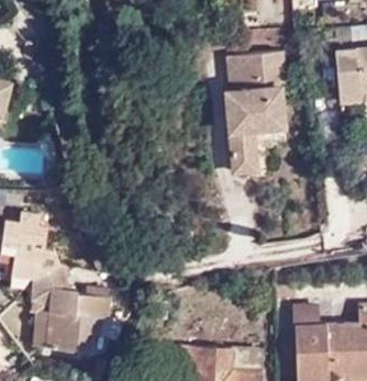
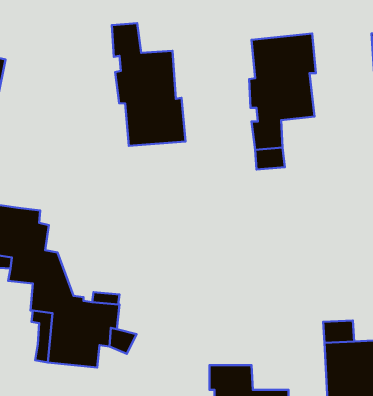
building: none -> [112,23,185,146]

